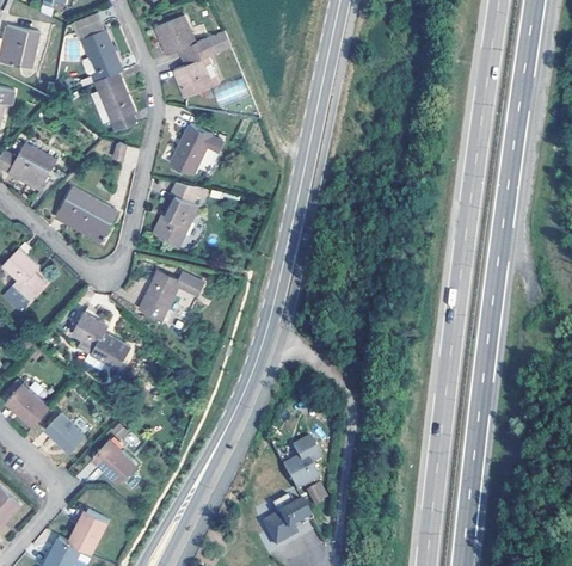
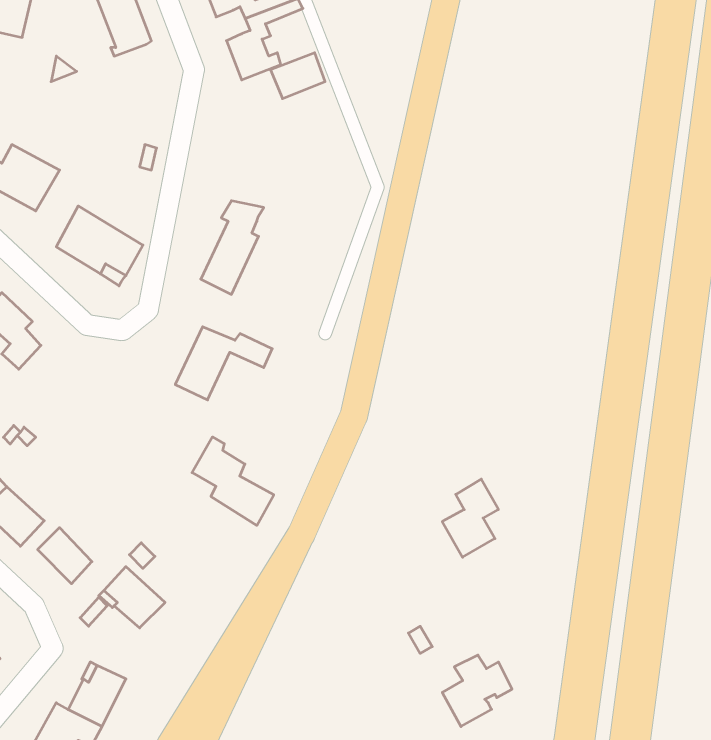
building: [91,73,136,131] -> none
building: [172,125,223,176] -> none
building: [72,307,129,369] -> [192,437,274,525]
building: [279,431,319,486] -> [442,479,498,557]
building: [260,491,309,541] -> [442,655,512,727]

